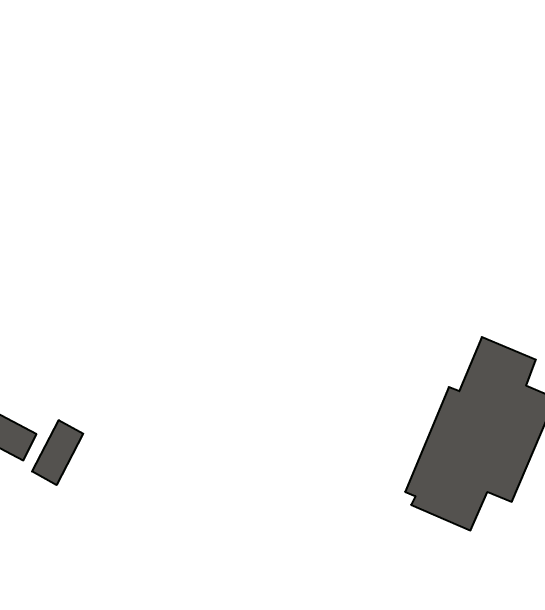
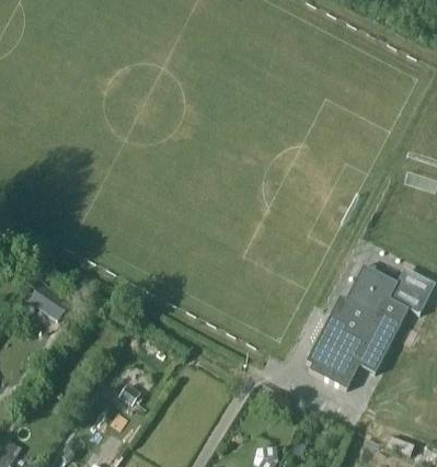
building: [32,420,83,485] -> none

